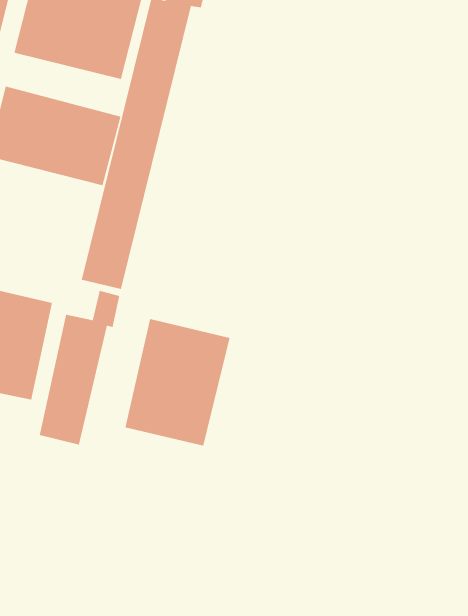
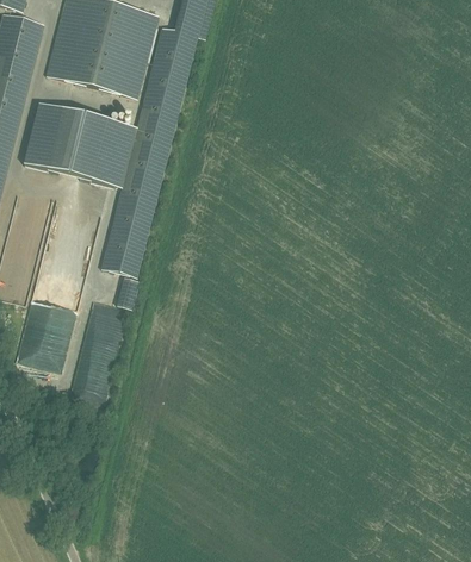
building: [124,318,231,447] -> none

